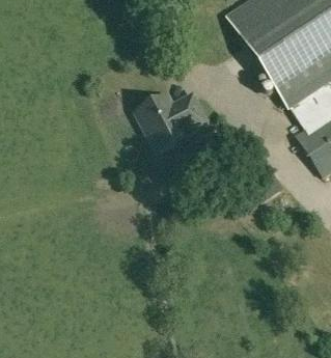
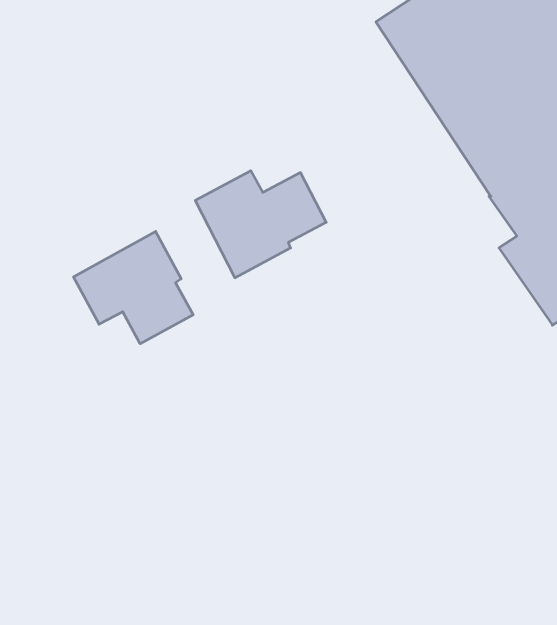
building: none -> [74,231,193,344]

